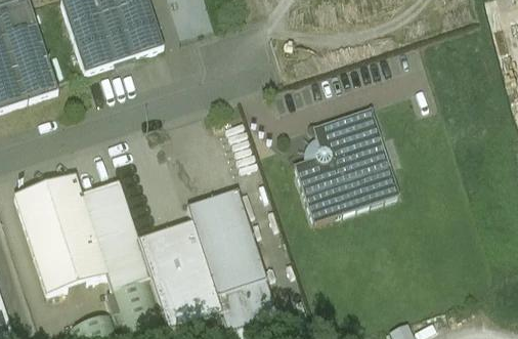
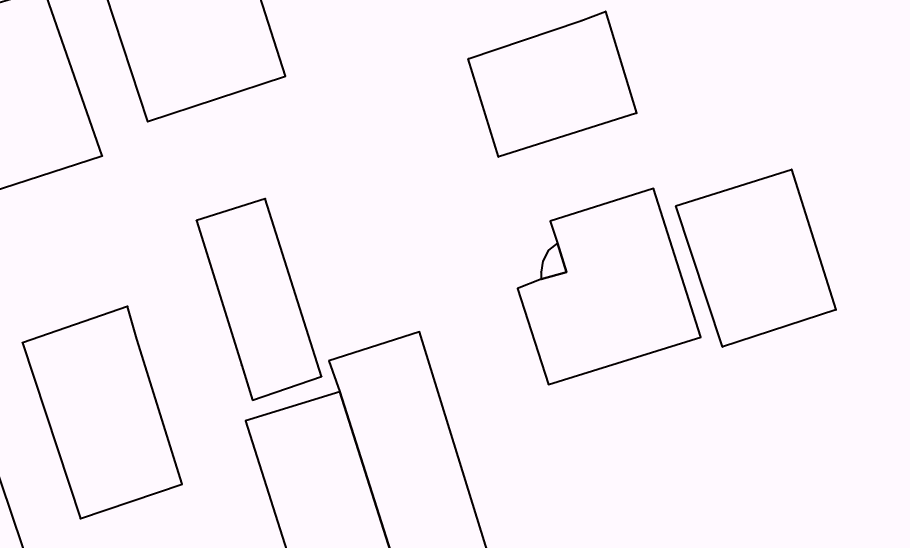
building: none -> [468,11,637,157]
building: none -> [676,169,836,347]
building: [78,180,148,294] -> [196,199,322,400]

